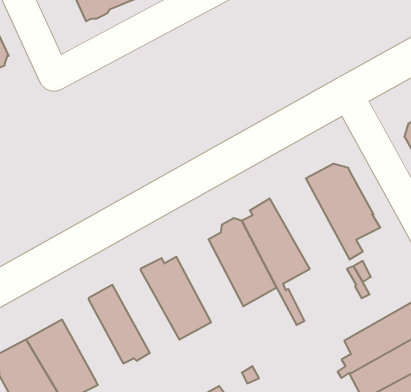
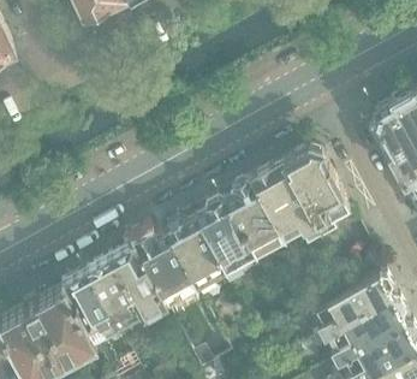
building: none -> [250,165,322,247]
building: none -> [166,220,226,295]
building: none -> [108,248,168,320]
building: none -> [60,274,119,347]

